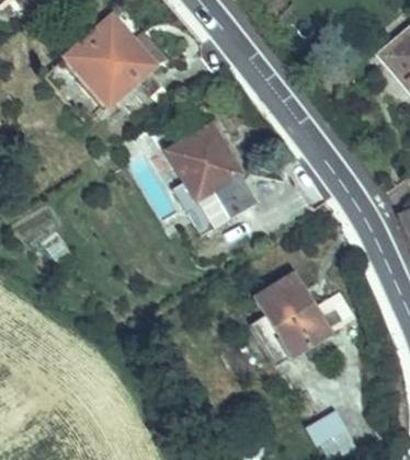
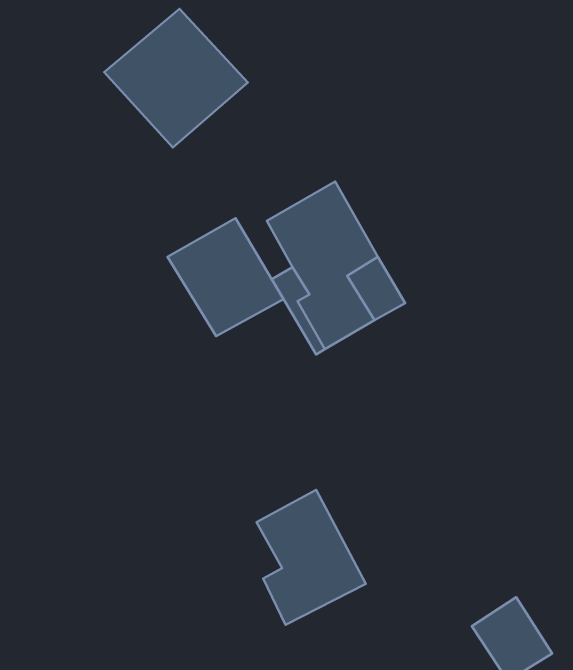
building: none -> [168,218,284,336]
building: [255,279,326,366] -> [256,490,366,625]

